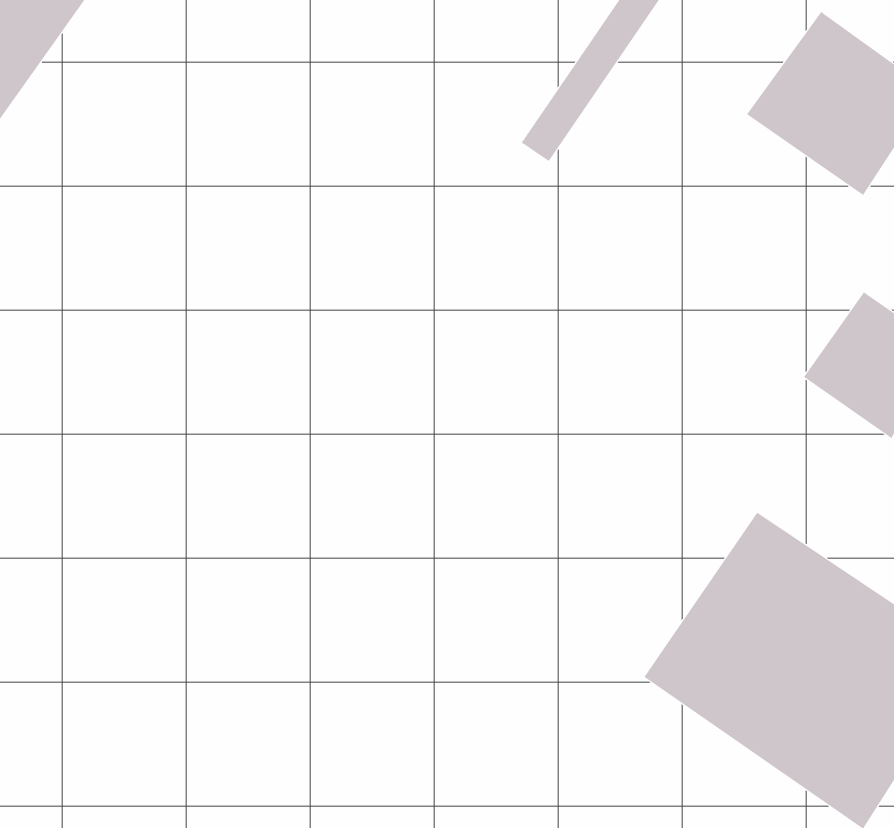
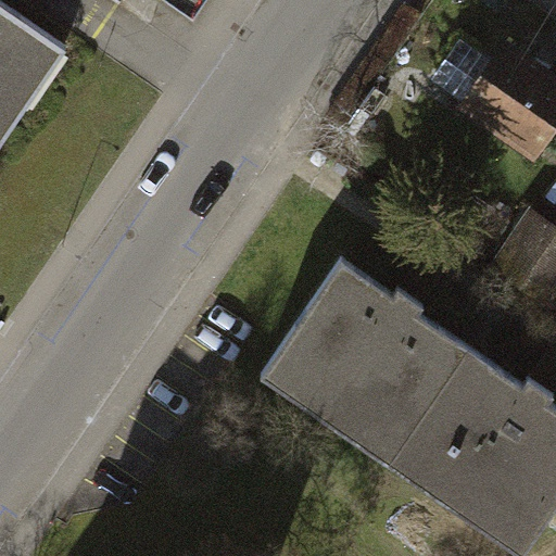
building: none -> [271,269,469,458]

